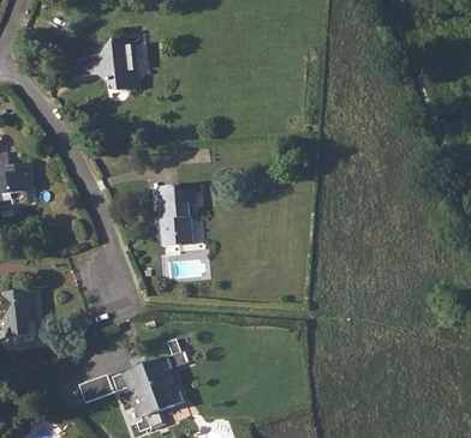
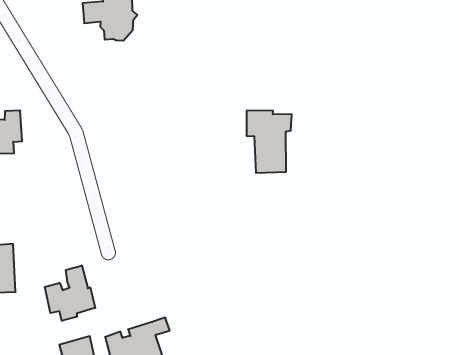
building: [153,185,196,245] -> [246,111,292,173]
building: none -> [45,265,95,321]

